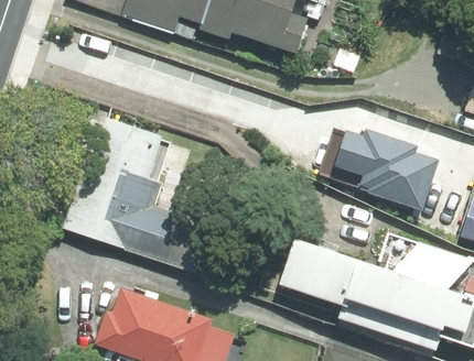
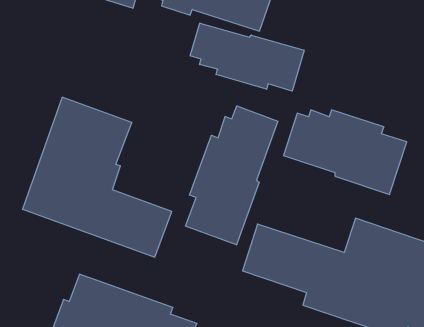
building: none -> [190,23,304,91]
building: none -> [185,106,278,245]

